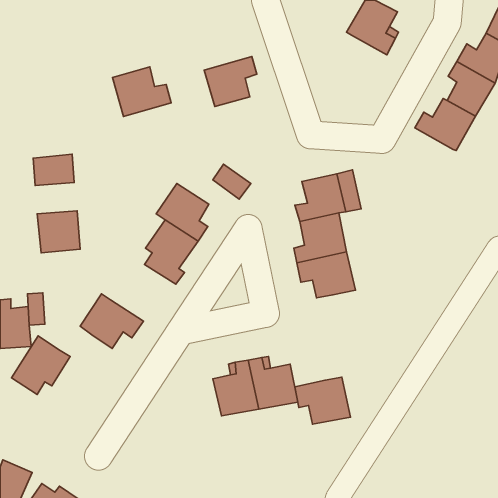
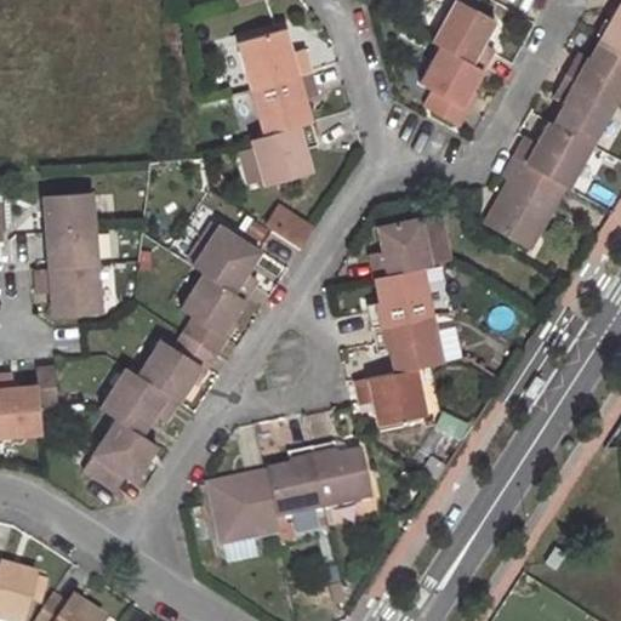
building: none -> [417,45,482,125]
building: [113,67,171,117] -> [241,27,314,89]
building: none -> [255,121,319,186]
building: none -> [486,160,564,247]
building: none -> [45,228,97,267]
building: none -> [138,330,220,400]
building: [12,336,70,394] -> [82,417,155,490]
building: [295,377,351,424] -> [357,368,426,426]
building: none -> [205,472,280,546]

